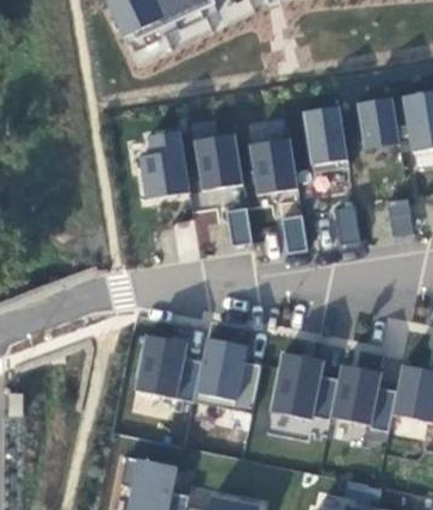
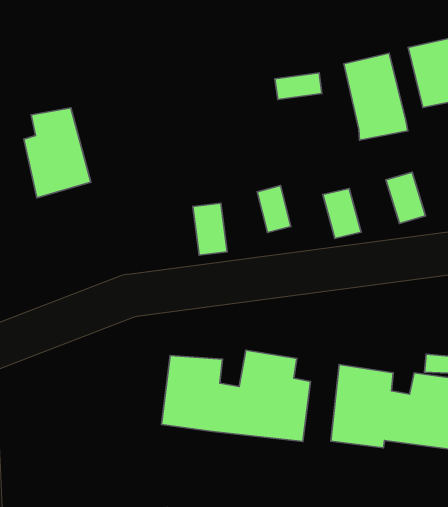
building: [140,130,191,201] -> [24,108,91,198]
building: [193,134,242,190] -> none
building: [250,137,297,195] -> none

